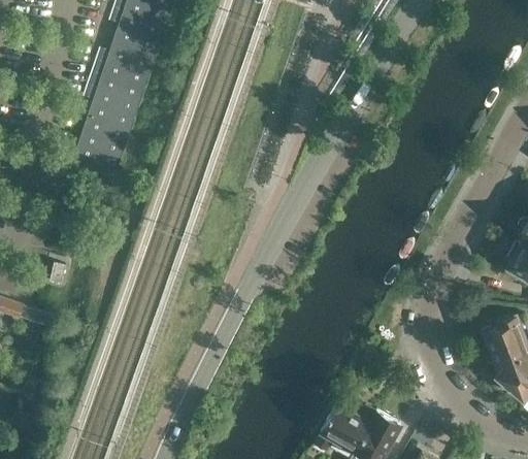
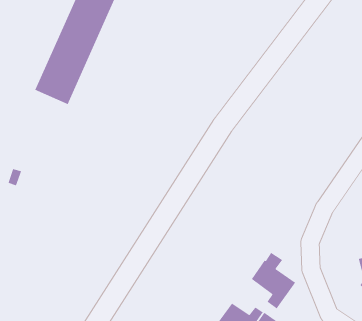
building: none -> [251,252,296,310]

